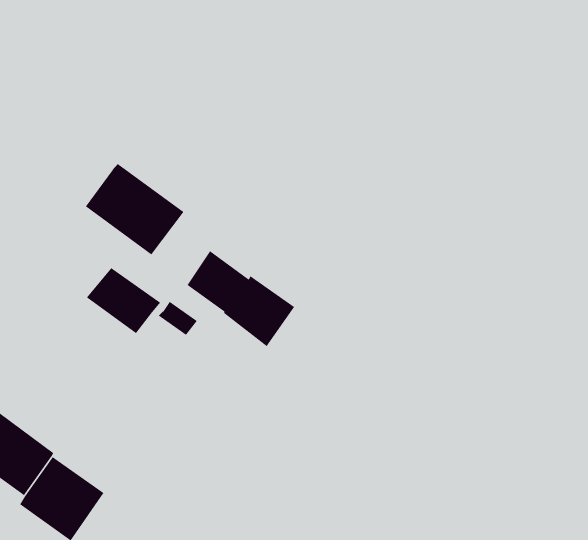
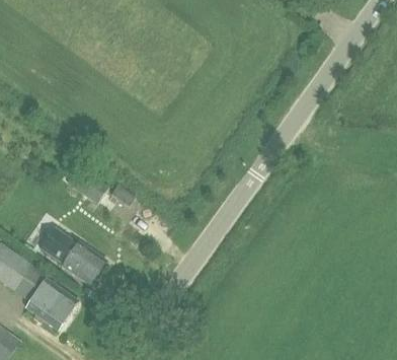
building: [85,163,185,255] -> none
building: [187,250,295,347] -> [39,226,105,285]

